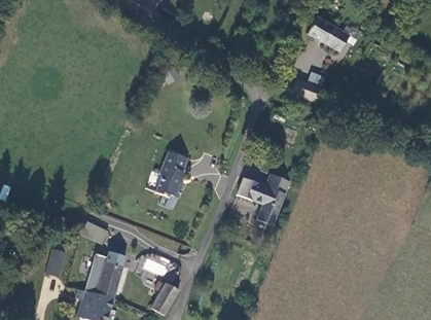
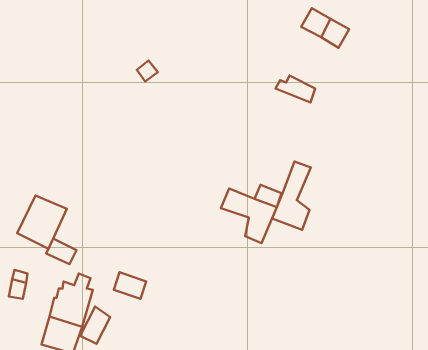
building: [155,149,188,197] -> none
building: none -> [272,161,311,230]
building: none -> [17,195,67,249]
building: [152,280,179,313] -> [80,307,110,344]

